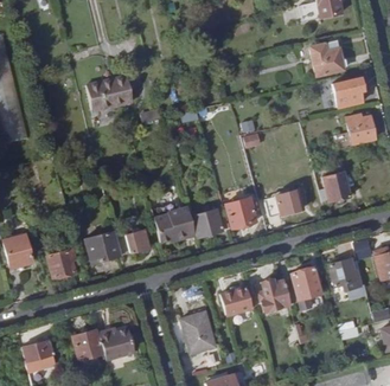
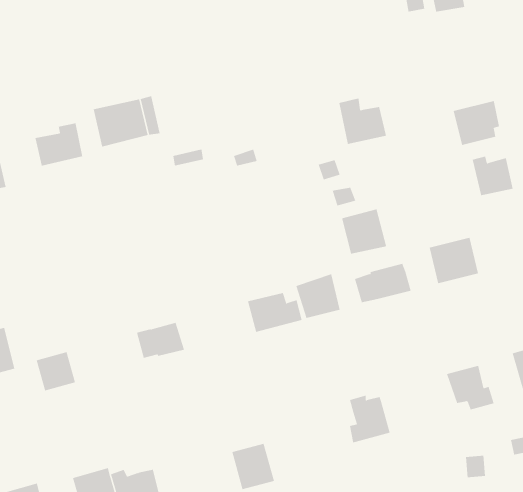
building: [311,44,344,76] -> [338,98,387,144]
building: none -> [35,123,83,167]
building: none -> [341,208,387,255]
building: [154,208,196,242] -> none
building: [85,231,121,263] -> none
building: [284,268,321,305] -> none
building: [220,288,252,315] -> none

